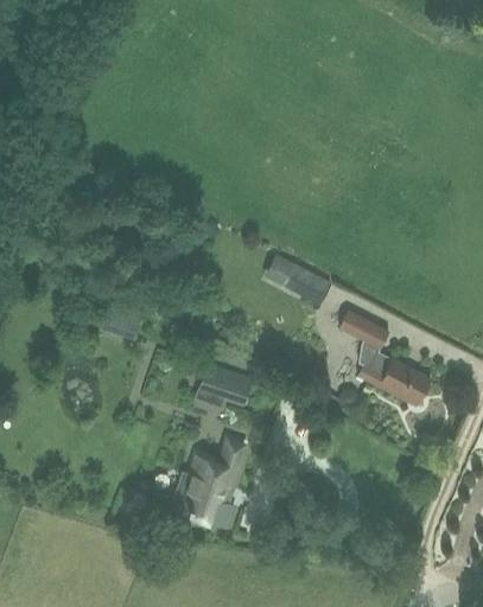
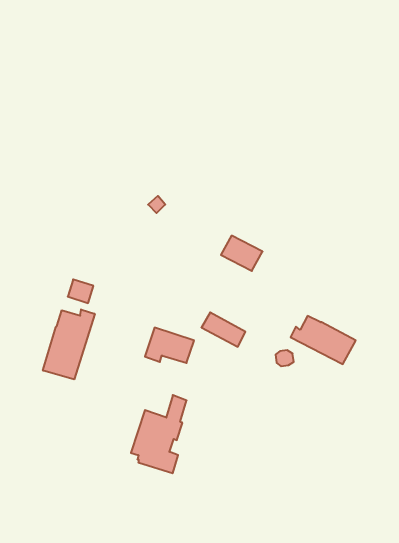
building: [339,311,388,349] -> [201,312,245,347]
building: none -> [43,309,95,379]

